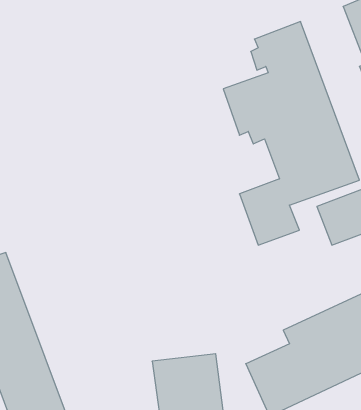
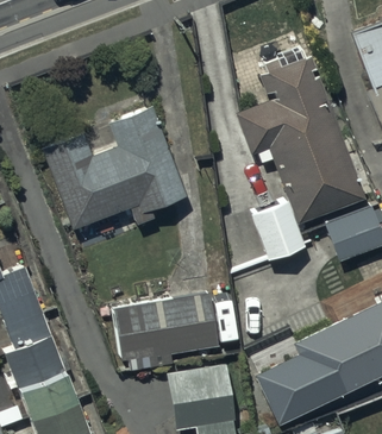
building: none -> [42,108,186,232]
building: none -> [114,294,219,373]

